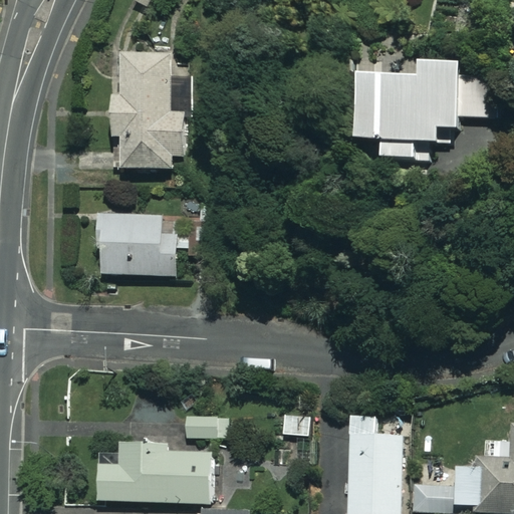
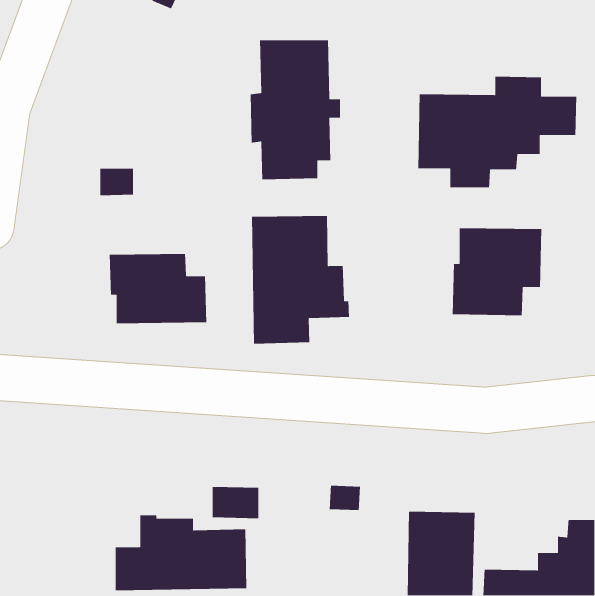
building: [111,50,189,170] -> [250,39,341,180]
building: none -> [251,215,350,344]
building: none -> [452,228,542,316]

